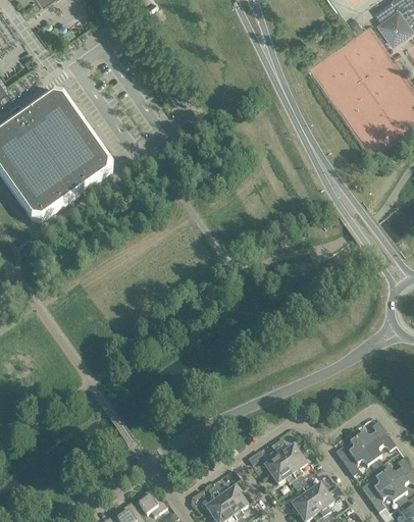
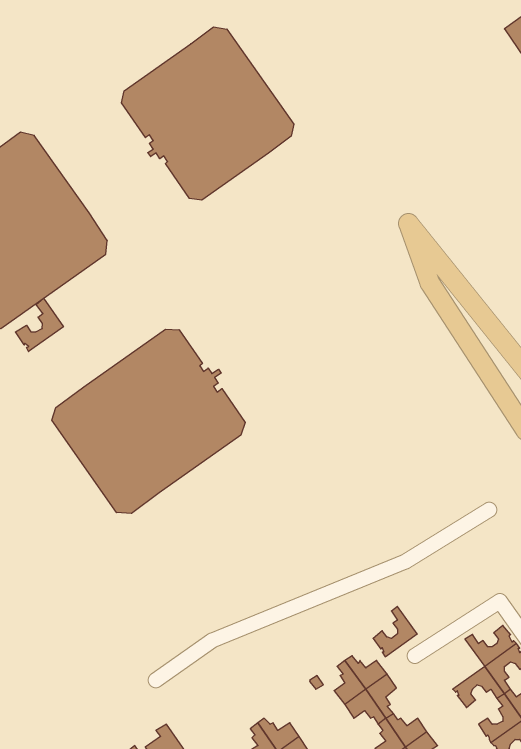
building: none -> [122,27,294,200]
building: none -> [15,298,63,352]
building: none -> [52,329,245,513]
building: [334,429,364,463] -> [373,606,417,657]

